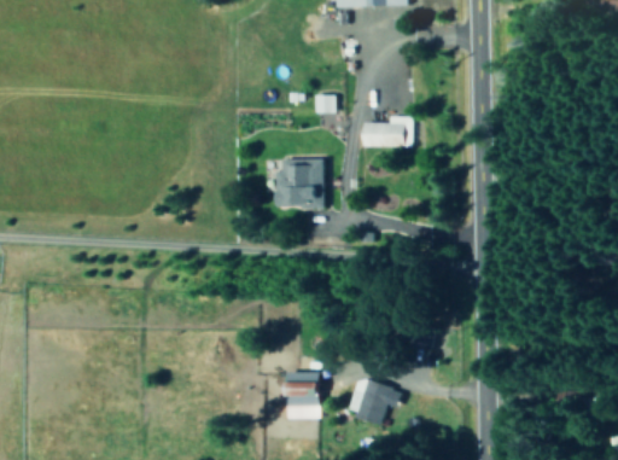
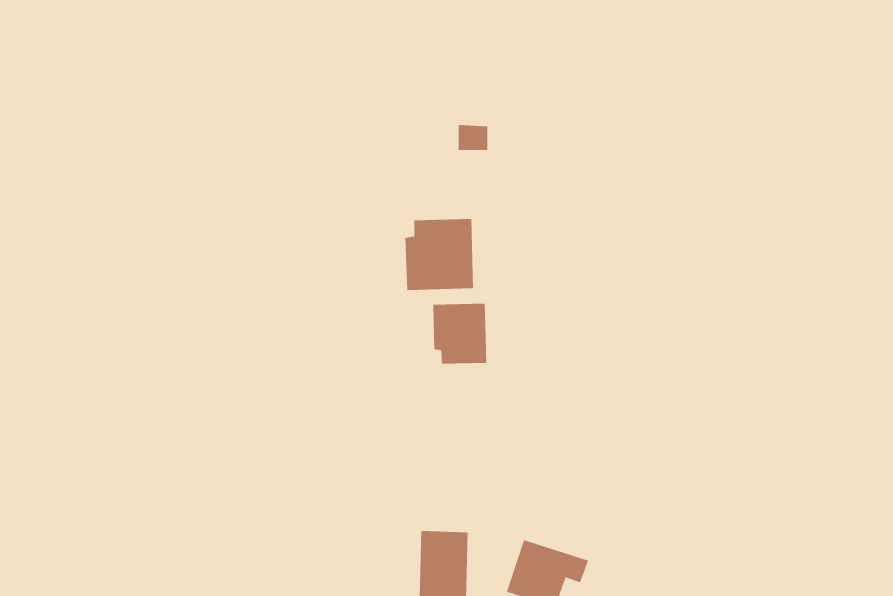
building: [361,117,410,147] -> none
building: none -> [432,303,487,365]

